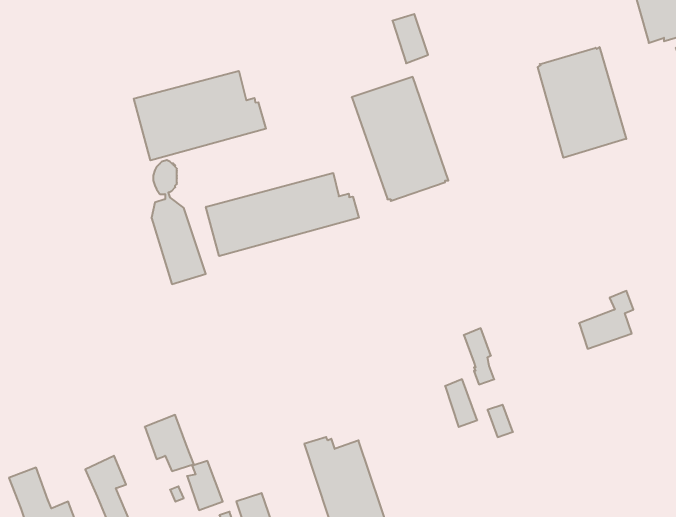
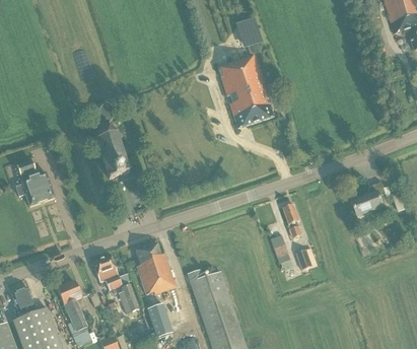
building: [538,47,626,158] -> none
building: [134,71,266,160] -> none
building: [206,173,359,256] -> none
building: none -> [15,160,54,206]
building: none -> [135,242,175,294]

